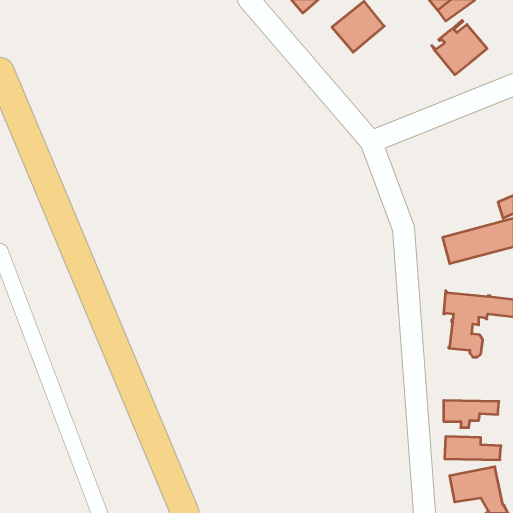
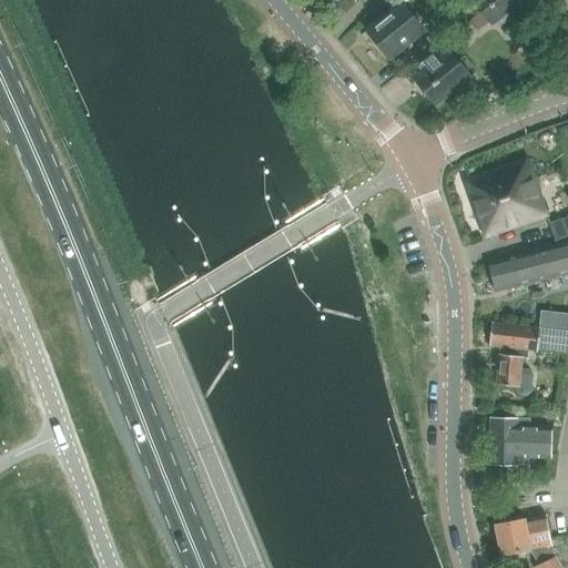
building: [432,20,487,75] -> [410,44,471,104]
building: none -> [467,159,547,236]
building: [445,437,501,460] -> [490,417,552,443]

